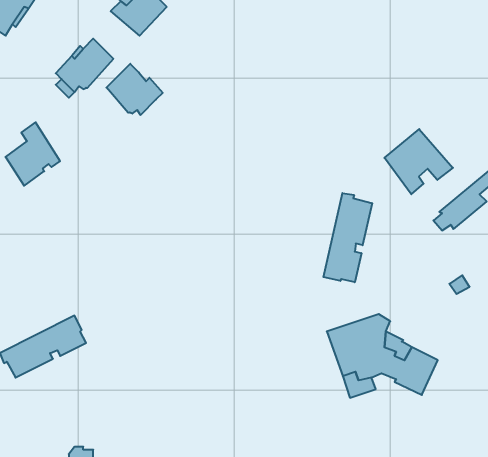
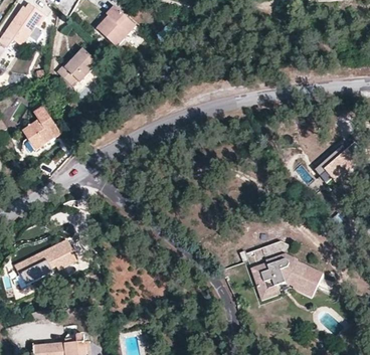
building: [106,64,163,115] -> none
building: [384,129,453,194] -> none
building: [323,193,372,282] -> none

